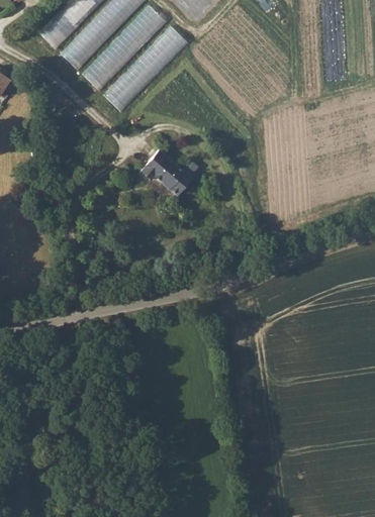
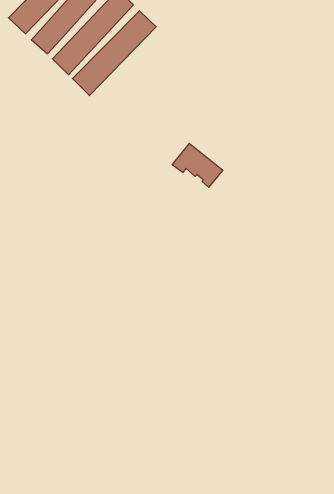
building: [139,148,191,193] -> [172,143,223,187]

